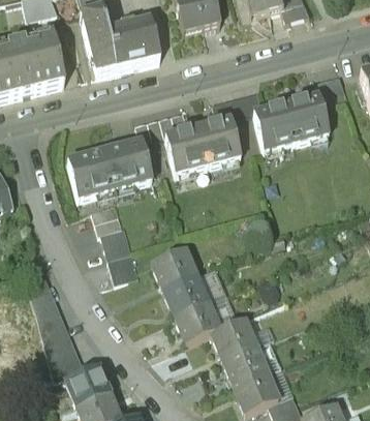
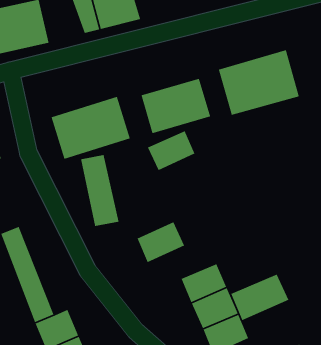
building: [148,244,201,289] -> [147,130,196,171]
building: [172,297,225,343] -> none
building: none -> [230,273,290,321]

